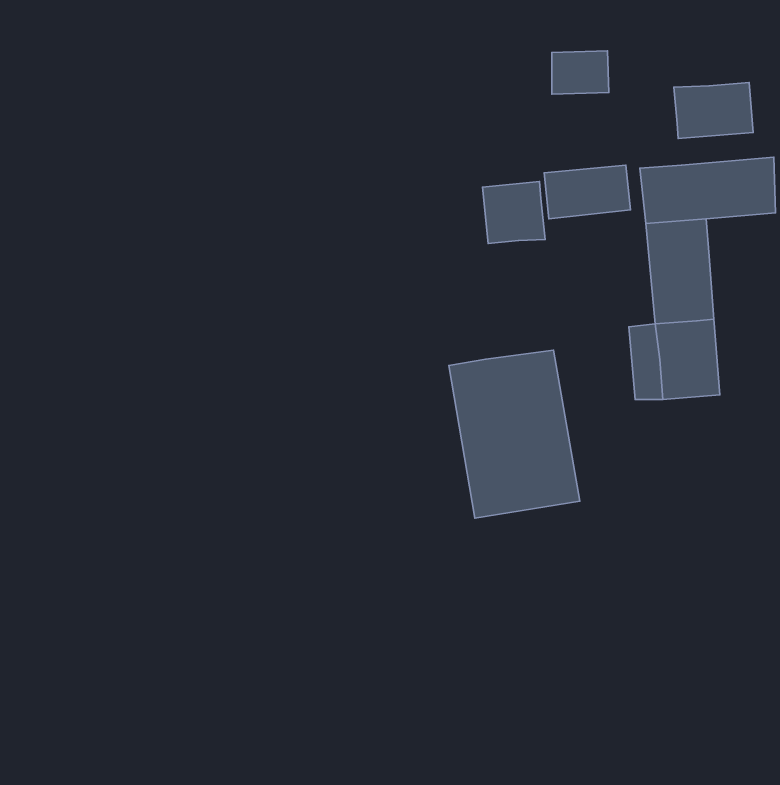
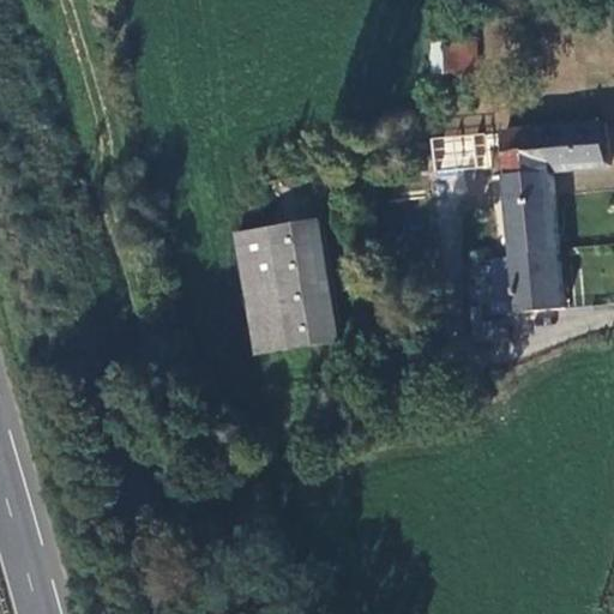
building: [674,83,753,138] -> none
building: [483,182,545,244] -> none
building: [449,350,580,518] -> [235,221,337,351]

